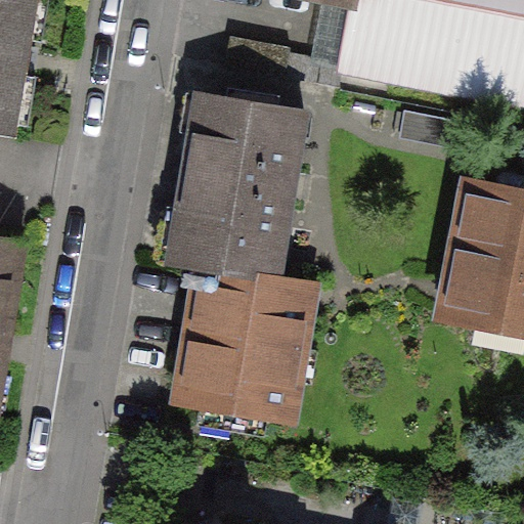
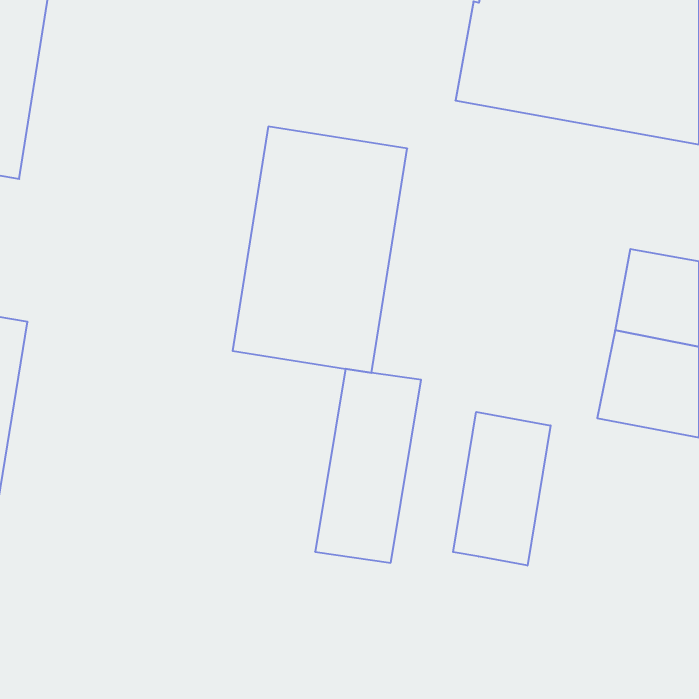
building: [178,265,257,410] -> none
building: none -> [453,412,551,566]

